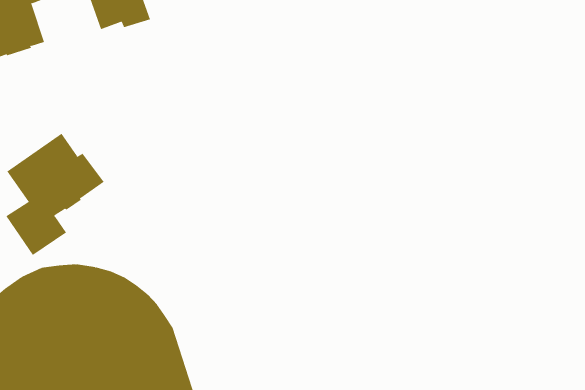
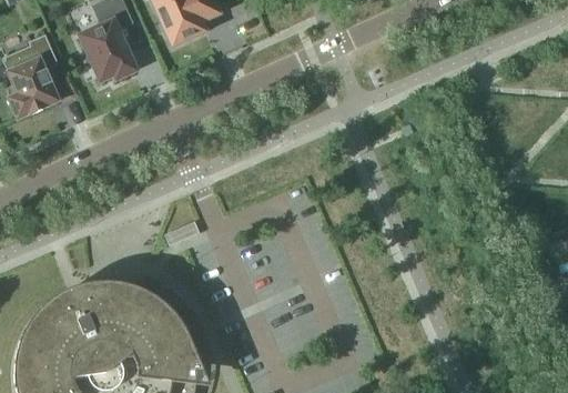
building: [5,133,104,256] -> none

